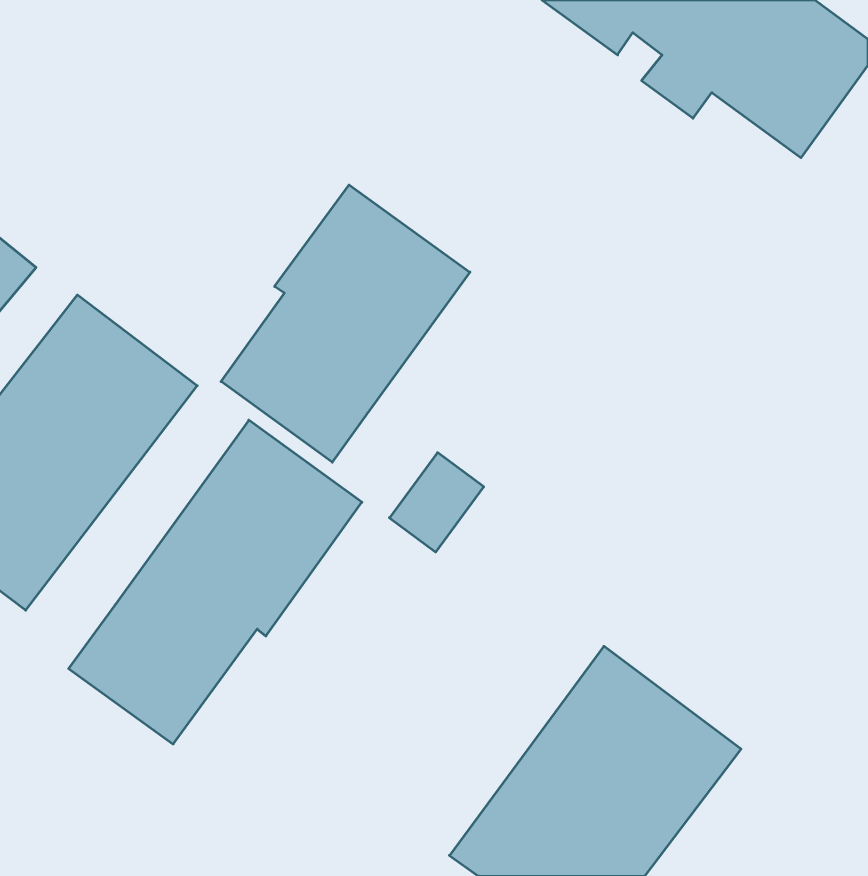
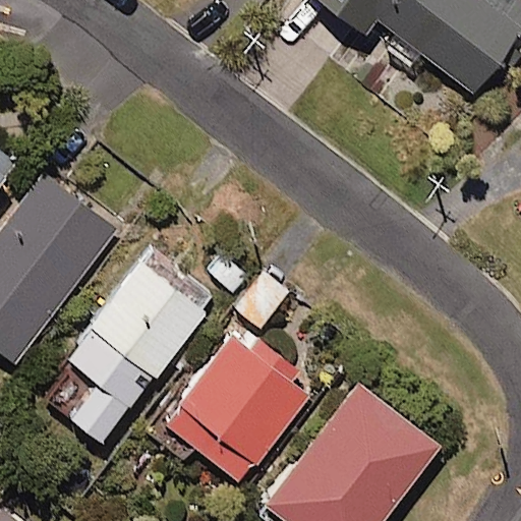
building: [221,185,470,462] -> none
building: none -> [154,335,308,481]

